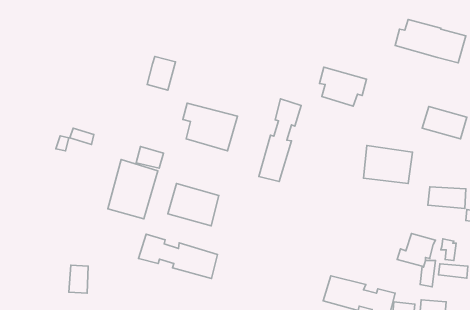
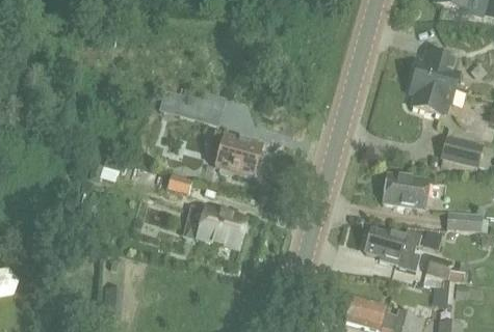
building: [320,67,366,106] -> [410,77,454,114]
building: [259,99,301,182] -> none
building: [108,159,158,219] -> none
building: none -> [365,228,421,270]
building: [138,234,218,278] -> none

